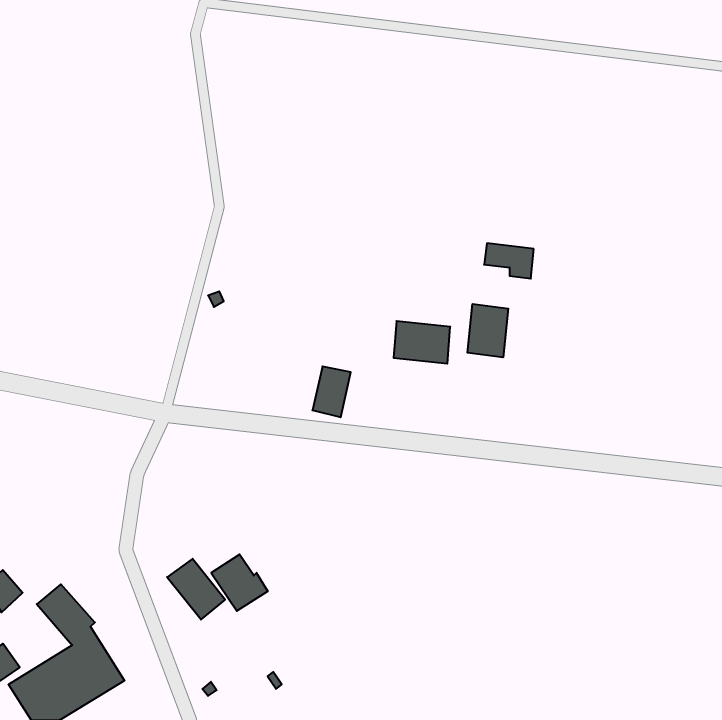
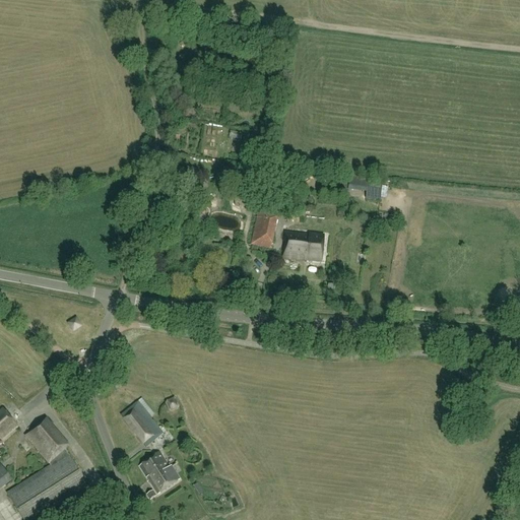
building: [467,304,508,357] -> none
building: [312,366,351,417] -> [250,212,277,249]
building: [211,554,268,611] -> [138,452,179,493]

